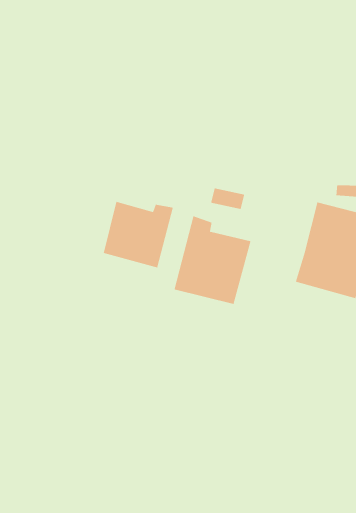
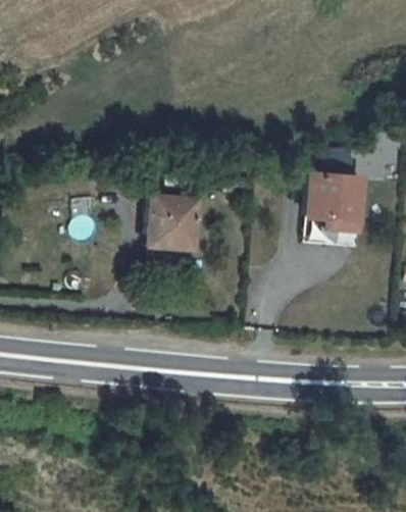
building: [174,215,251,305] -> none

